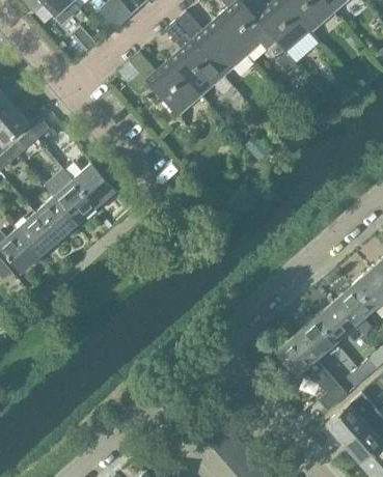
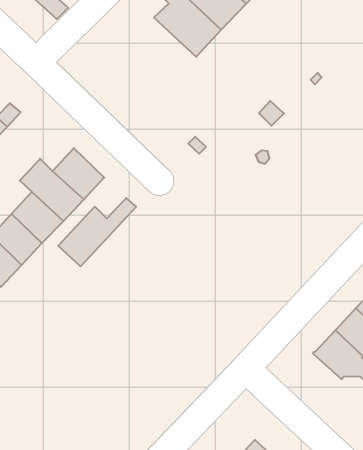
building: [129,53,200,117] -> none
building: none -> [58,198,136,266]

